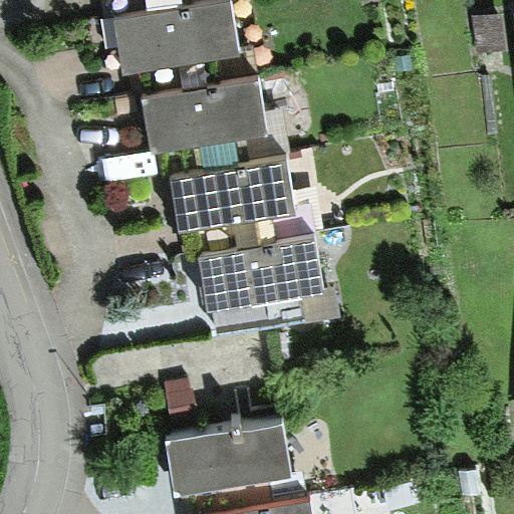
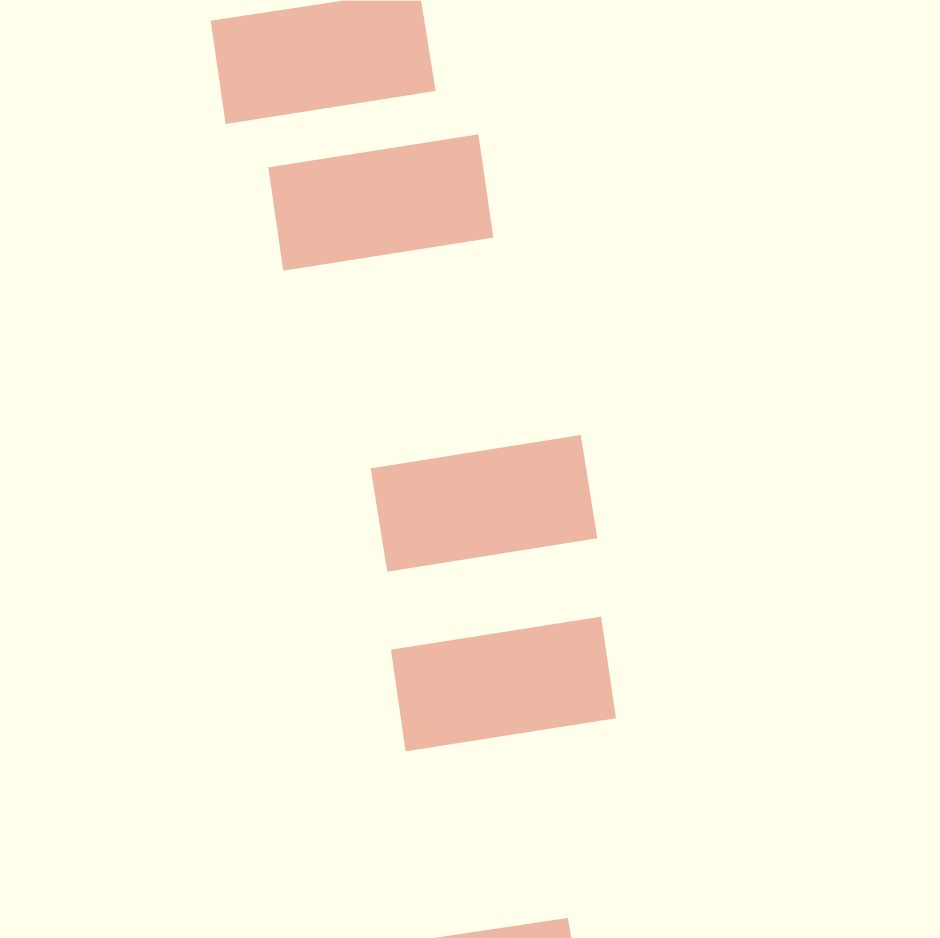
building: [171,159,294,232] -> none
building: [168,424,290,497] -> [390,616,617,752]

